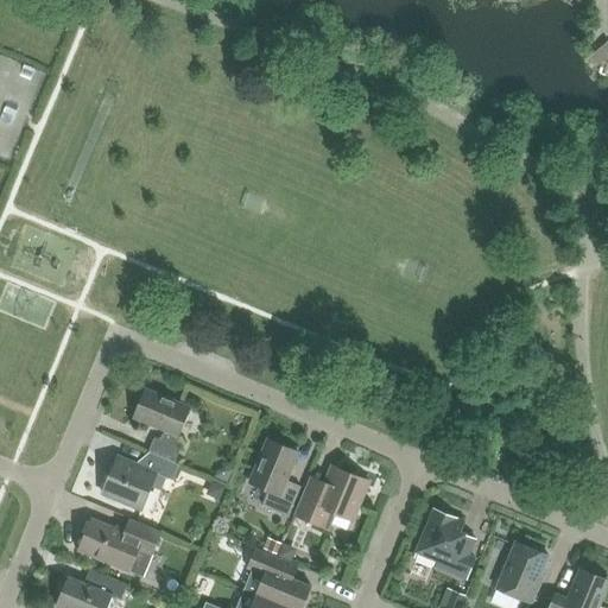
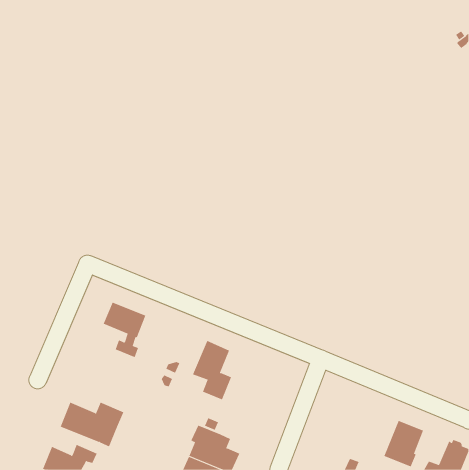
building: [101,454,178,509] -> none
building: [293,467,368,531] -> none
building: [413,508,475,580] -> none

